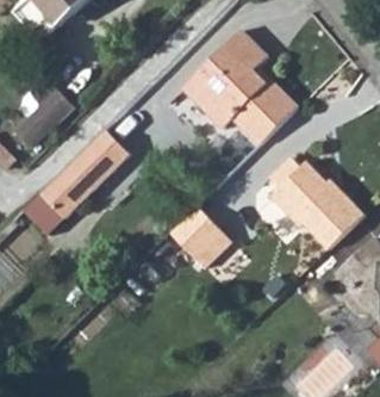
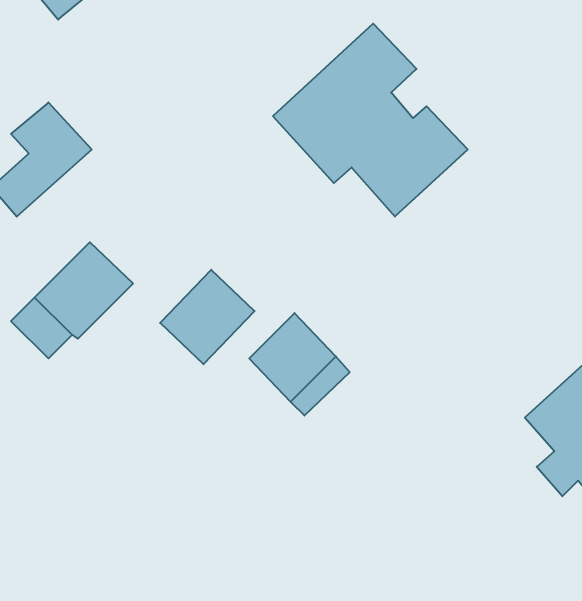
building: [73,130,130,187] -> [160,270,255,364]
building: [264,154,362,247] -> none

